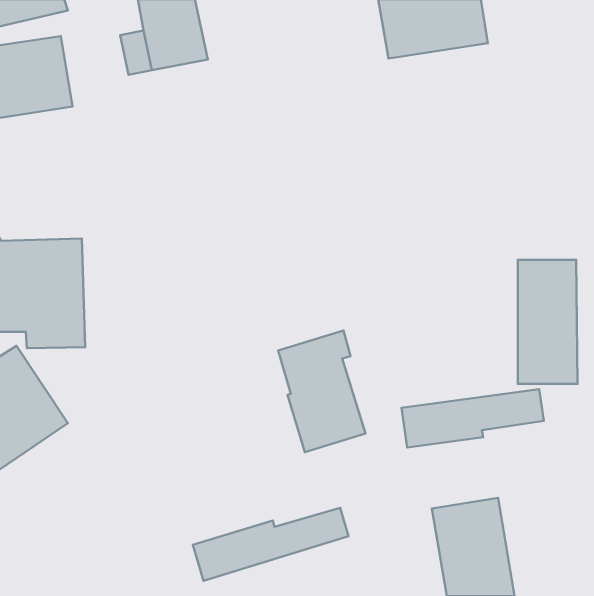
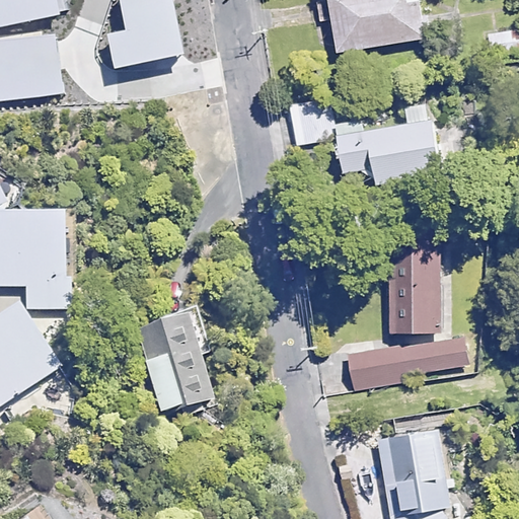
building: none -> [290,96,440,186]
building: [518,260,577,384] -> [388,223,440,330]
building: [278,331,366,452] -> [138,307,214,413]
building: [193,508,349,581] -> none

